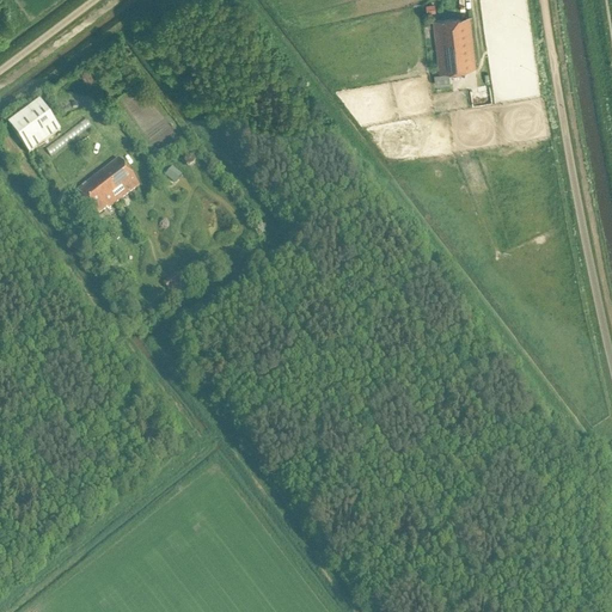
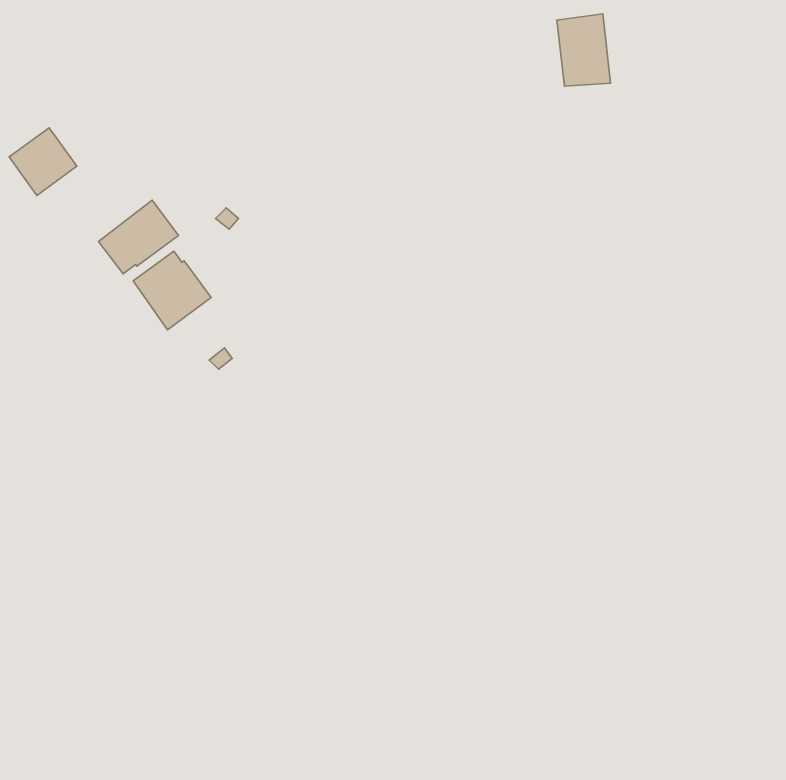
building: none -> [133,251,211,330]

